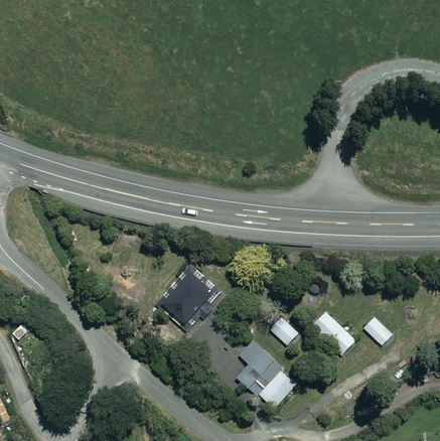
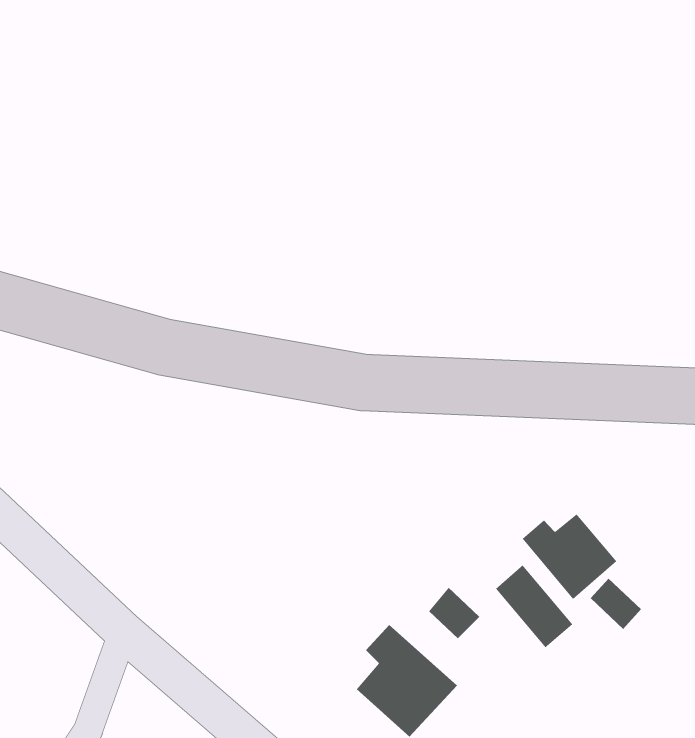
building: [162,272,212,324] -> none
building: none -> [522,513,617,600]

